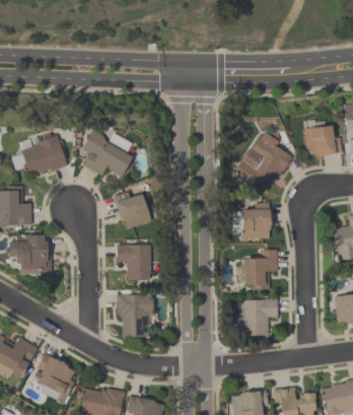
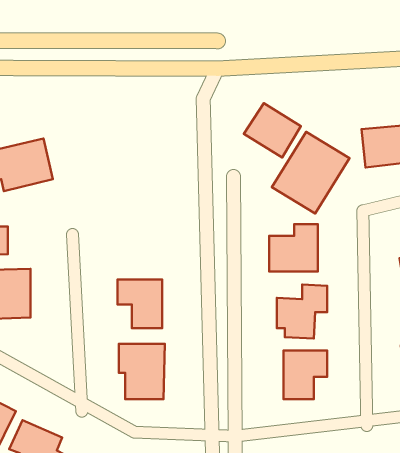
building: none -> [244,103,301,158]
building: [82,130,132,176] -> none
building: [114,192,151,229] -> none

